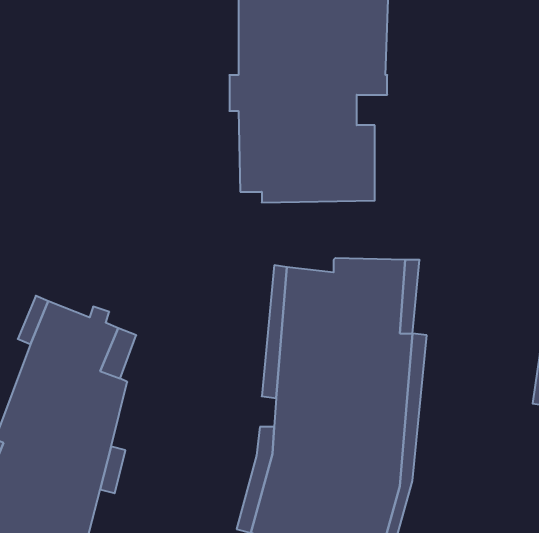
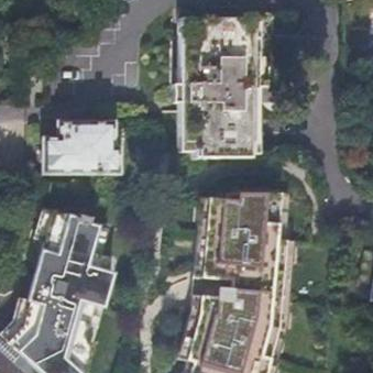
building: none -> [42,120,118,174]

